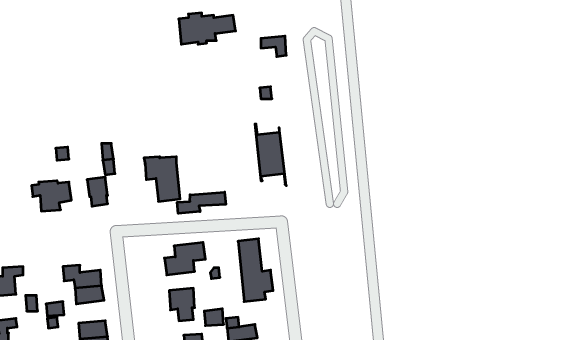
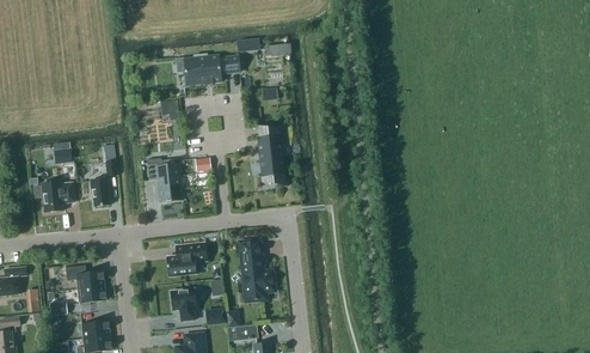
building: [179,13,236,44] -> [183,54,239,85]
building: [177,192,226,213] -> none

